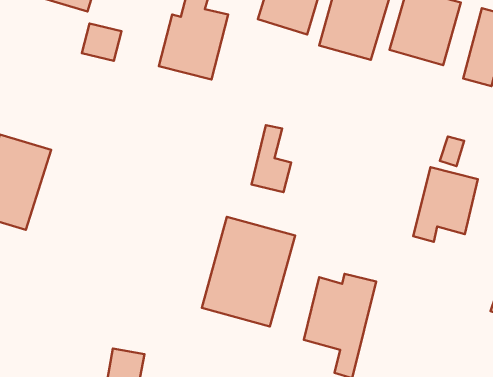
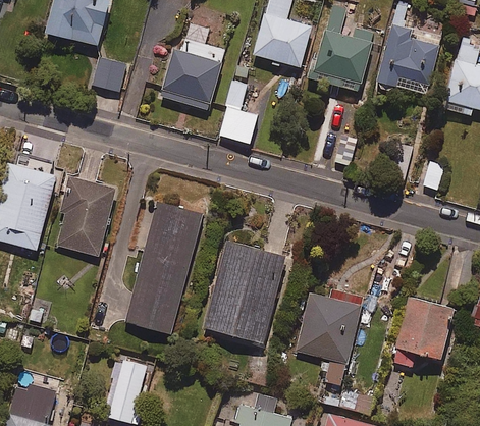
building: [251,125,291,192] -> [218,82,255,144]
building: none -> [58,175,119,256]
building: [413,167,478,242] -> [391,299,451,368]
building: none -> [120,197,205,331]

